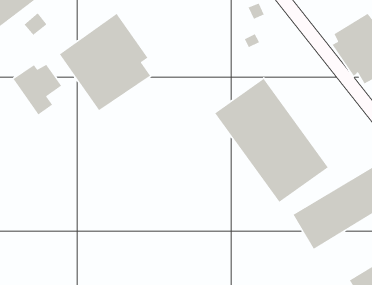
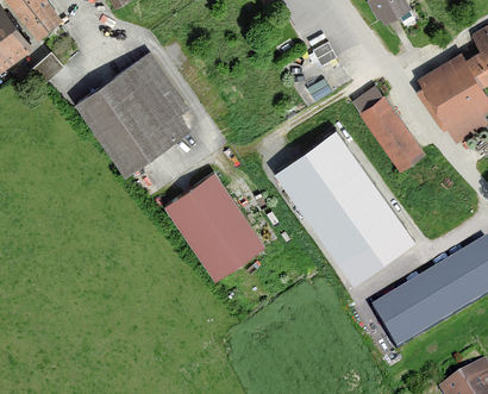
building: none -> [359,96,425,174]
building: [13,64,62,115] -> none
building: none -> [165,173,265,280]

